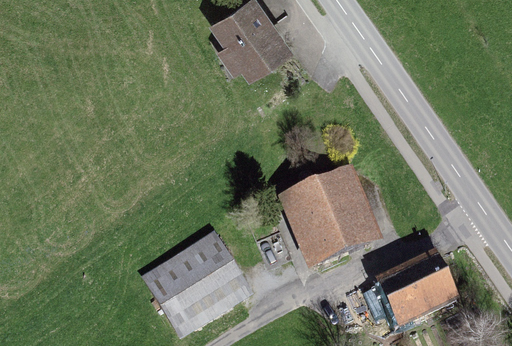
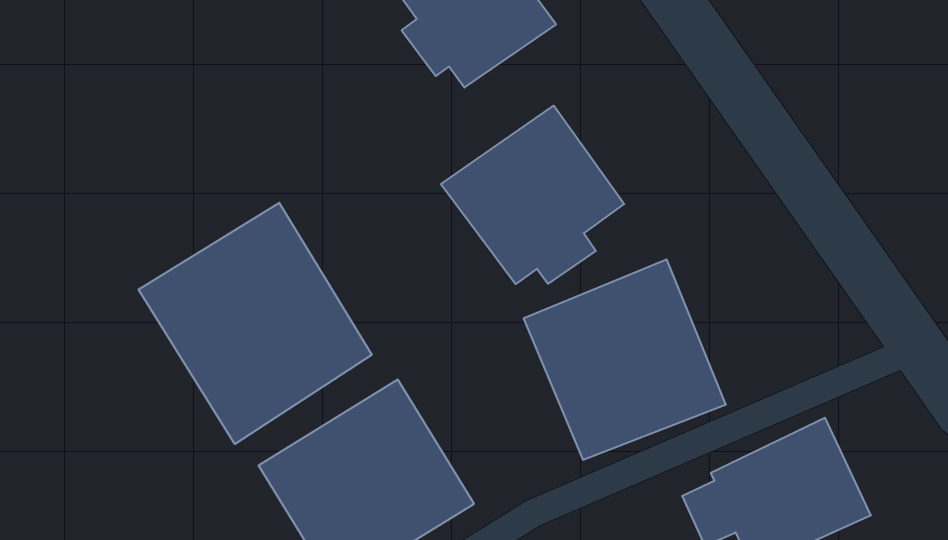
building: none -> [441,106,624,284]
building: none -> [139,203,372,444]

